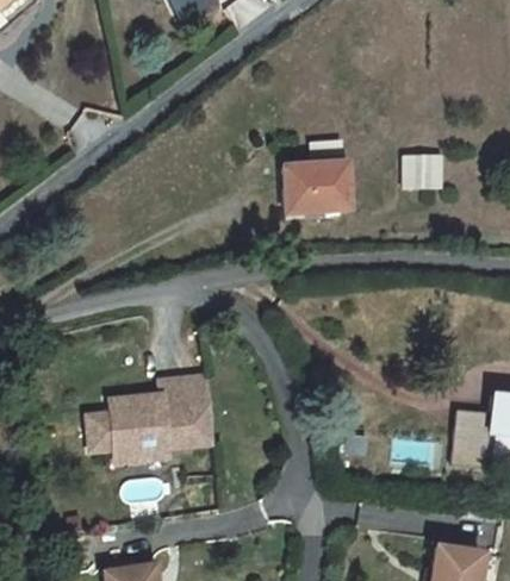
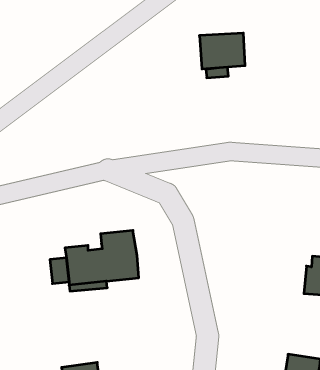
building: [402,155,441,187] -> none
building: [282,162,348,213] -> [199,33,245,69]

